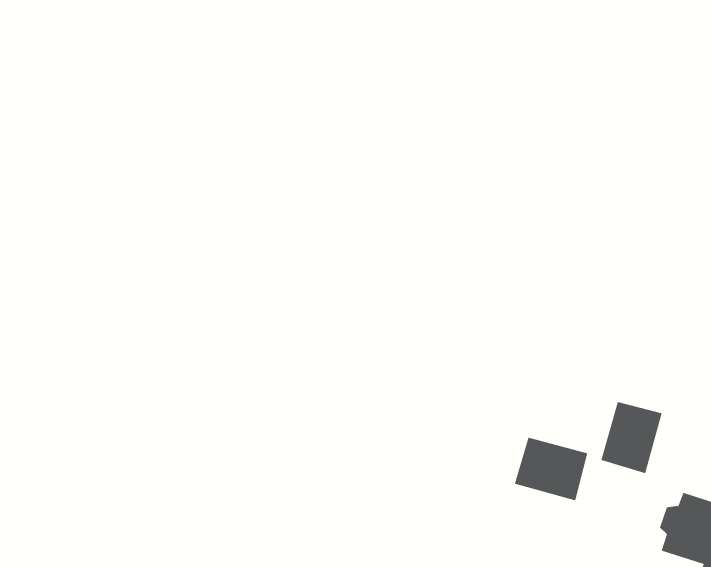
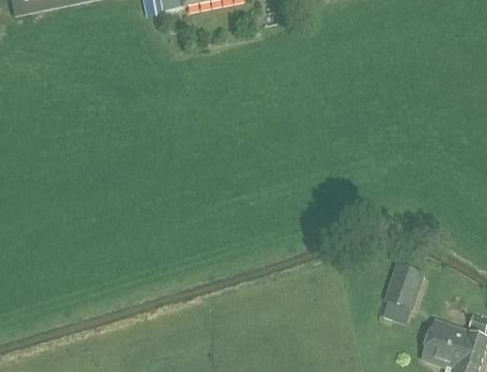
building: [514,437,588,501] -> none

